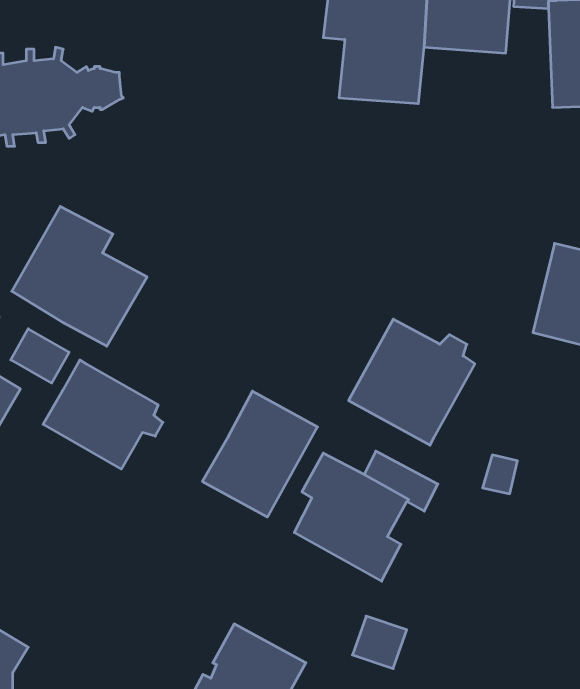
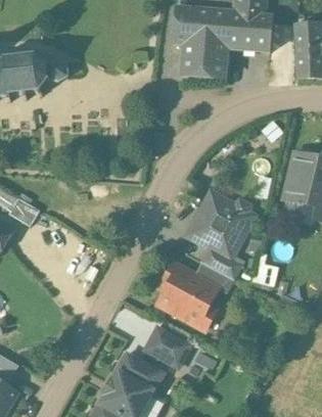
building: [12,206,147,346] -> none
building: [43,360,163,469] -> none
building: [202,391,318,517] -> none
building: none -> [201,246,244,278]
building: none -> [145,326,179,360]

